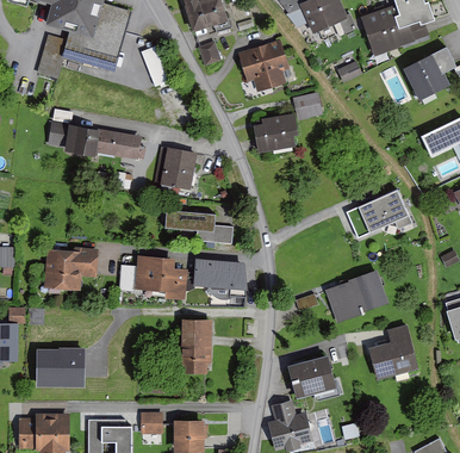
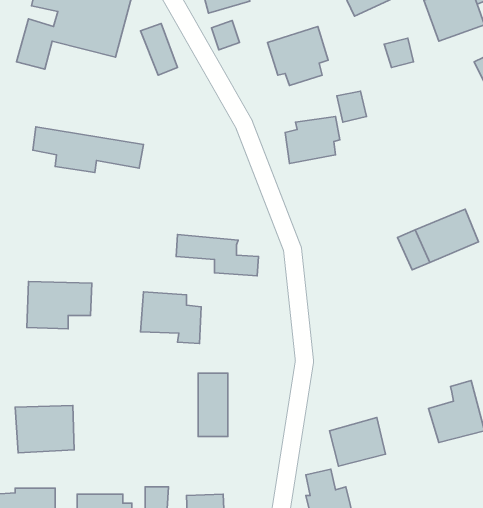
building: [155,148,193,191] -> none
building: [197,259,248,296] -> none
building: [325,272,388,321] -> none

